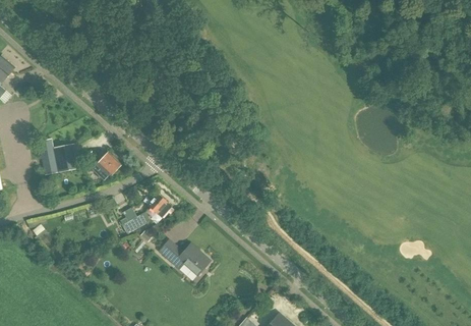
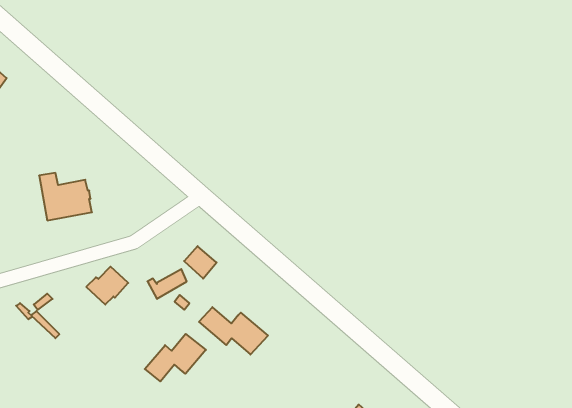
building: [90,152,121,180] -> [86,267,128,305]
building: none -> [145,334,206,381]

